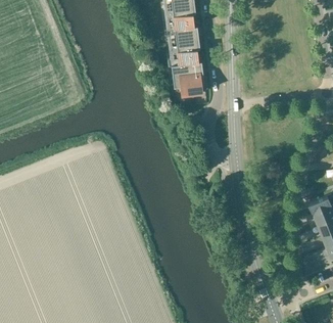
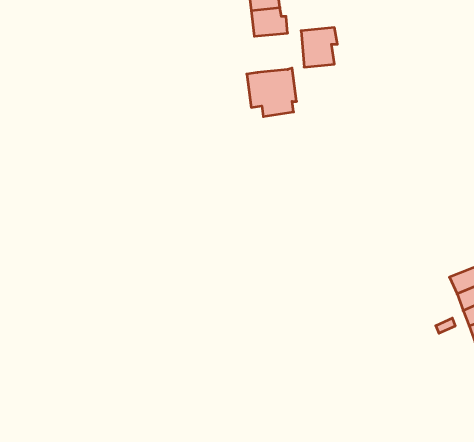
building: [176,38,200,64] -> [301,28,337,67]

